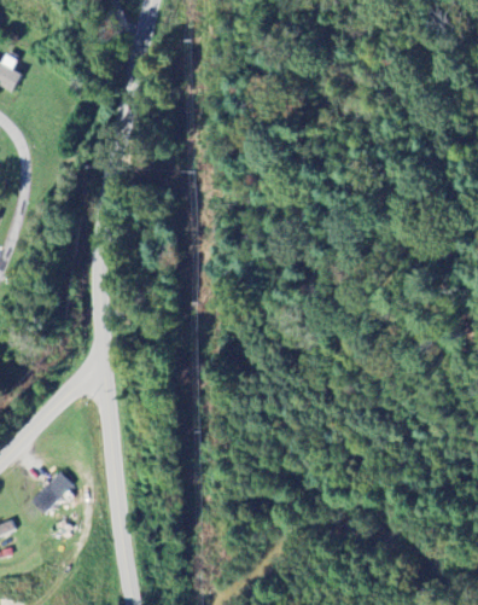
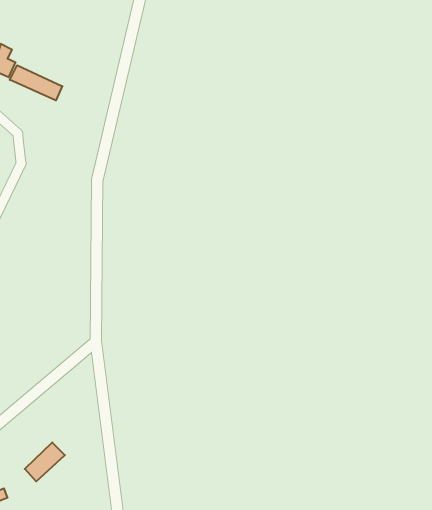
building: none -> [10,65,62,100]

